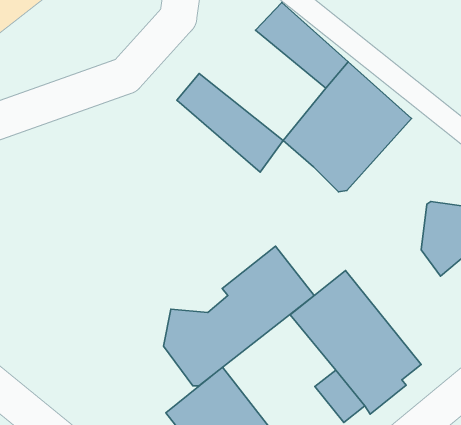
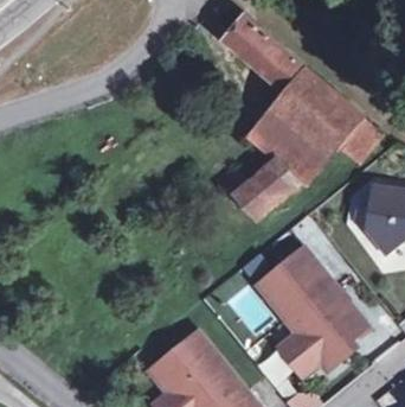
building: [177,74,283,172] -> none
building: none -> [242,158,296,209]
building: [164,246,314,386] -> none

